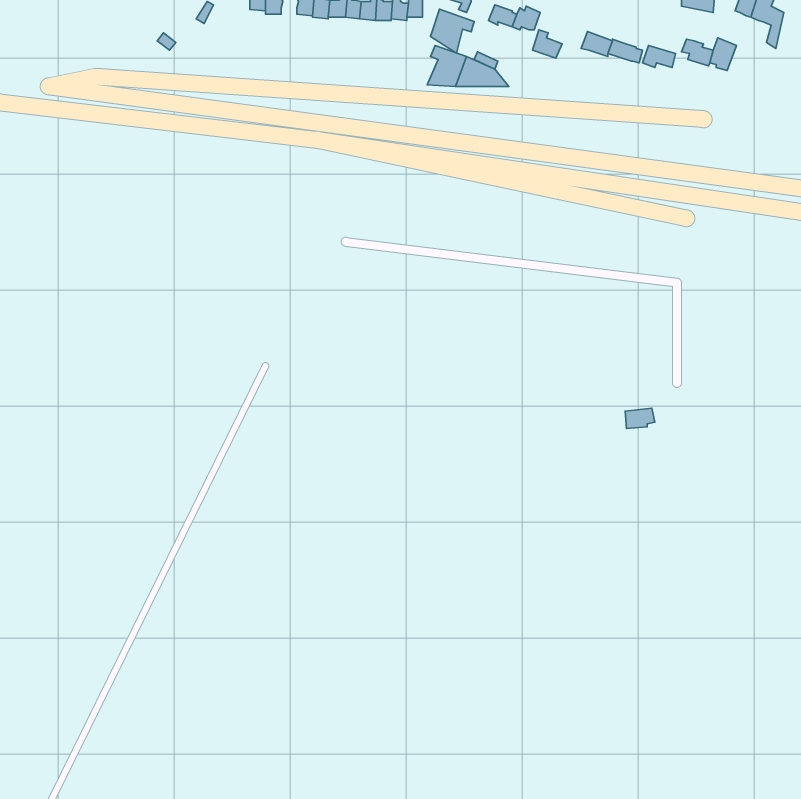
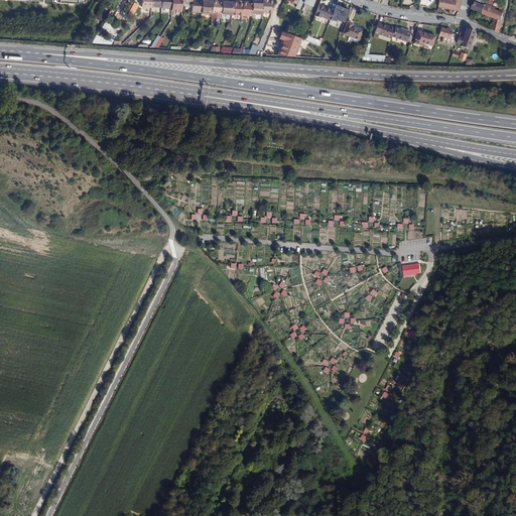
building: [431,9,474,53] -> none

